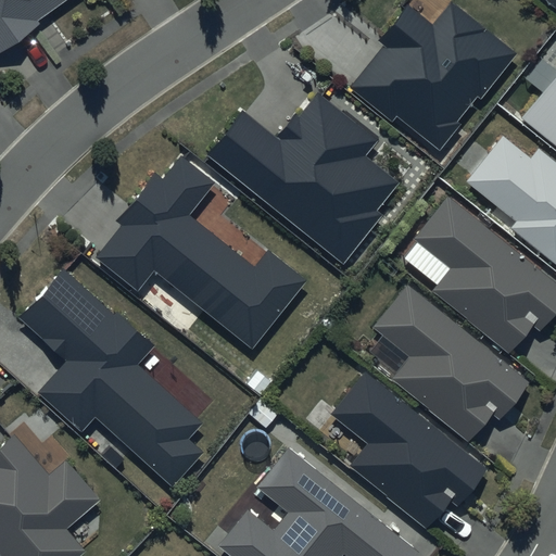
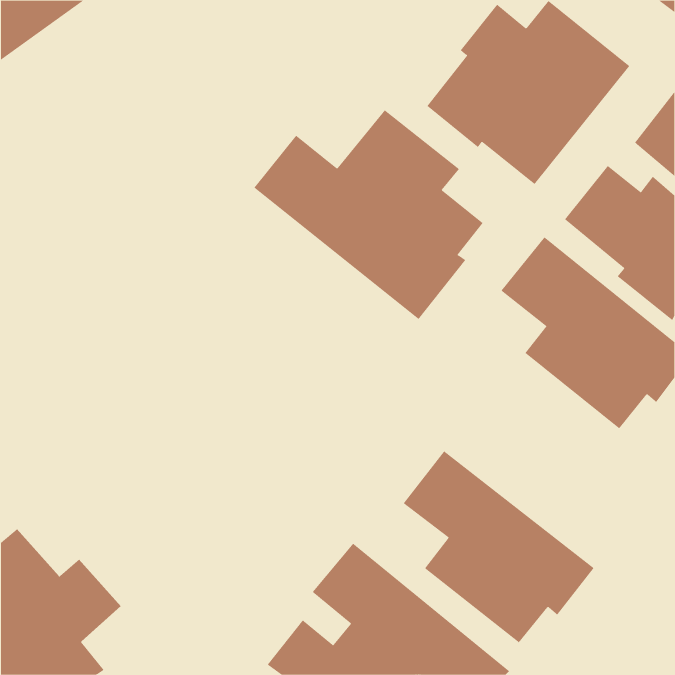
building: [98,155,308,349] -> none
building: [20,269,203,485] -> none
building: [375,286,531,440] -> none

